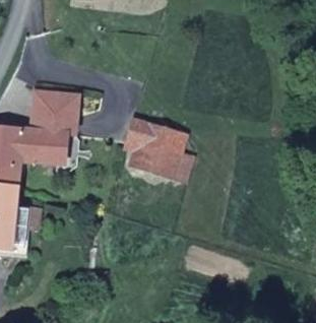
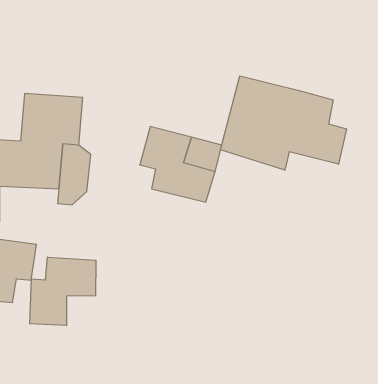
building: none -> [221,76,346,170]
building: none -> [30,257,96,326]

